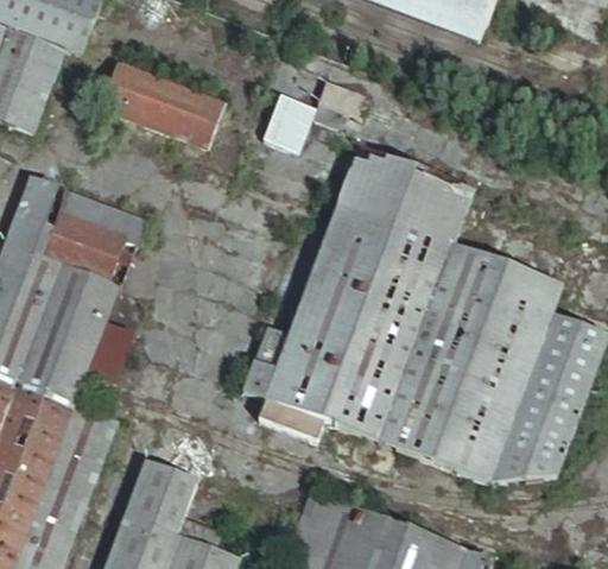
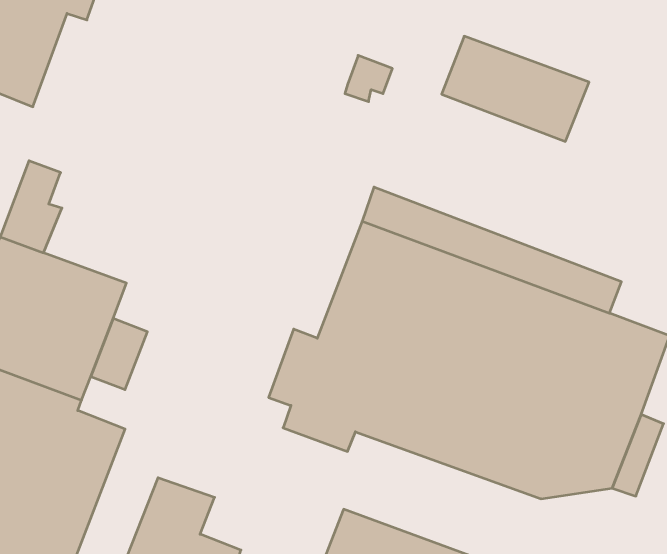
building: [101,68,218,145] -> none
building: [261,95,315,152] -> none
building: [338,150,471,245] -> [442,36,589,141]
building: [40,189,137,289] -> none

